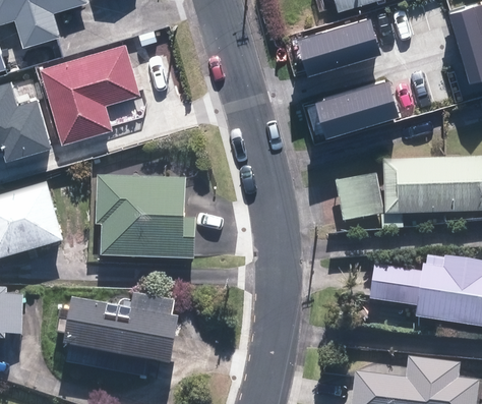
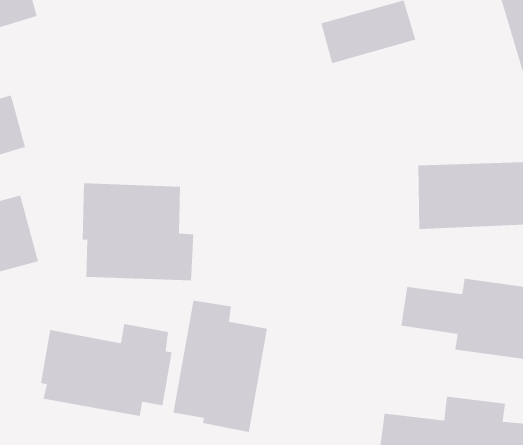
building: [42,43,140,143] -> none
building: [316,79,399,134] -> none
building: [335,174,380,220] -> none
building: none -> [173,300,268,433]

